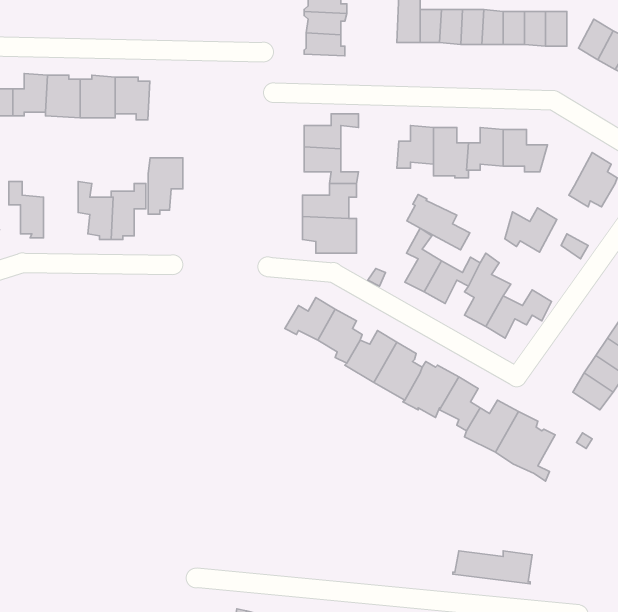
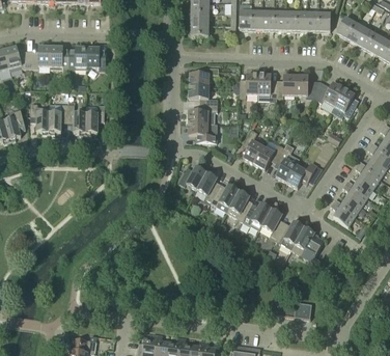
building: [148,158,183,214] -> [49,103,67,133]
building: [407,194,470,250] -> none
building: [505,208,557,252] -> [315,81,343,105]

